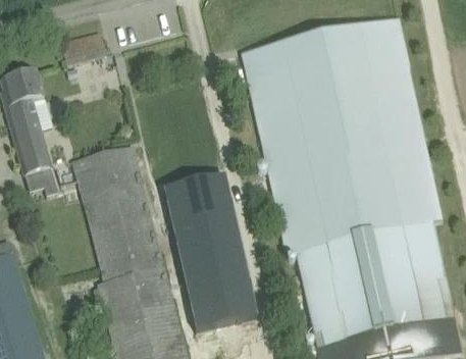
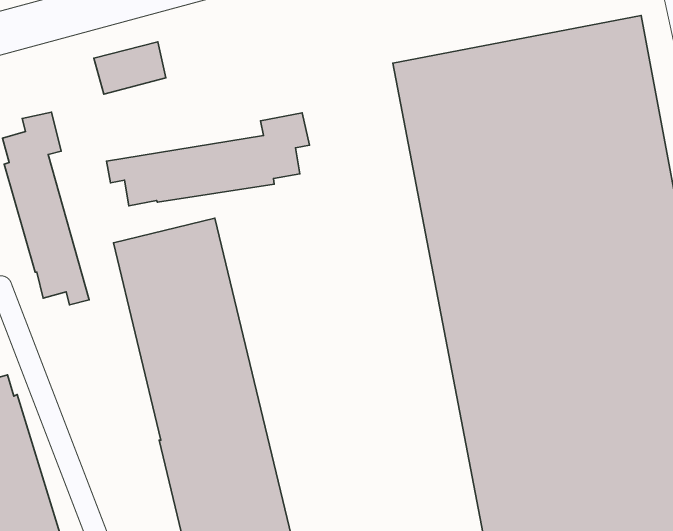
building: none -> [106,113,310,206]
building: [162,174,256,331] -> none

